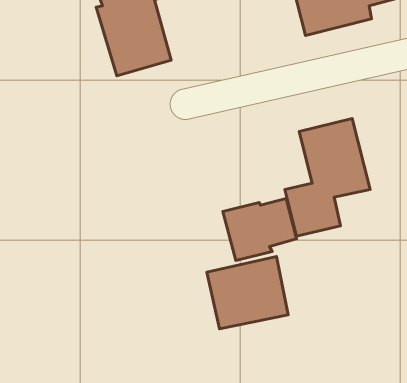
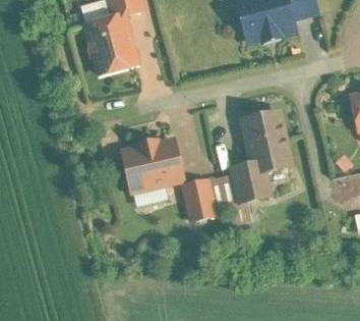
building: [207,257,288,329] -> [121,137,185,194]

